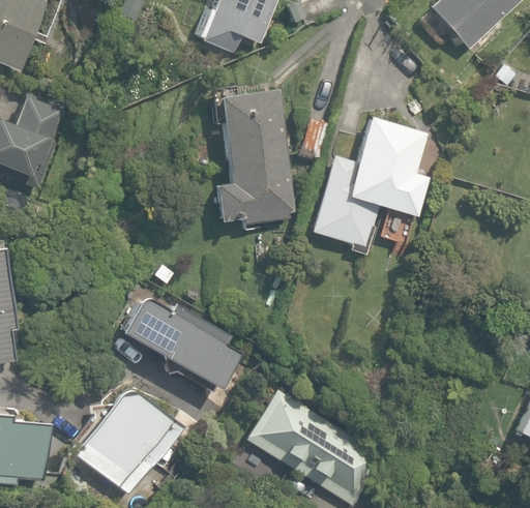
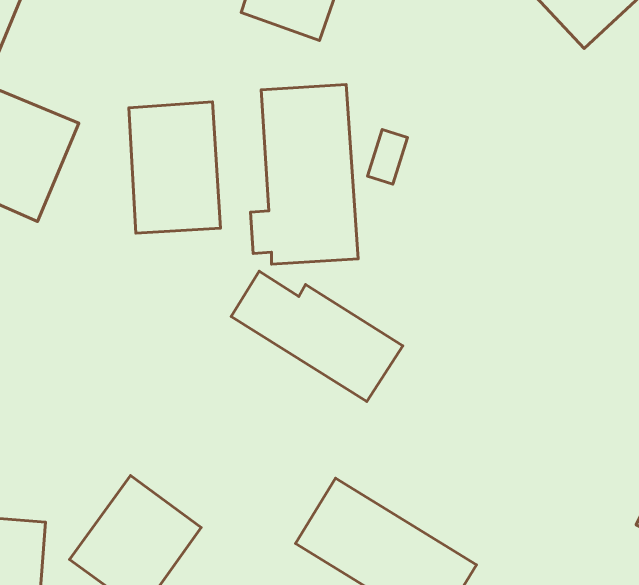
building: none -> [129,102,221,233]
building: [311,115,434,246] -> none
building: [110,290,243,391] -> [231,271,403,402]

